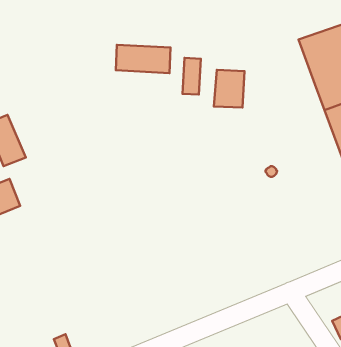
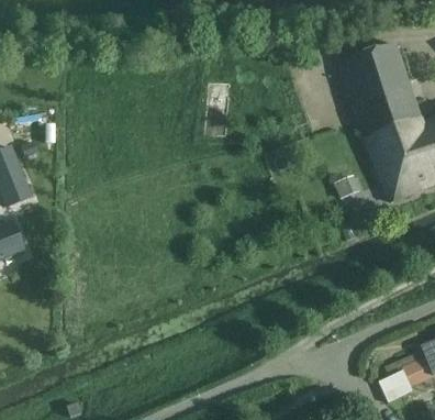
building: [116,45,170,73] -> none
building: [214,70,245,108] -> none

